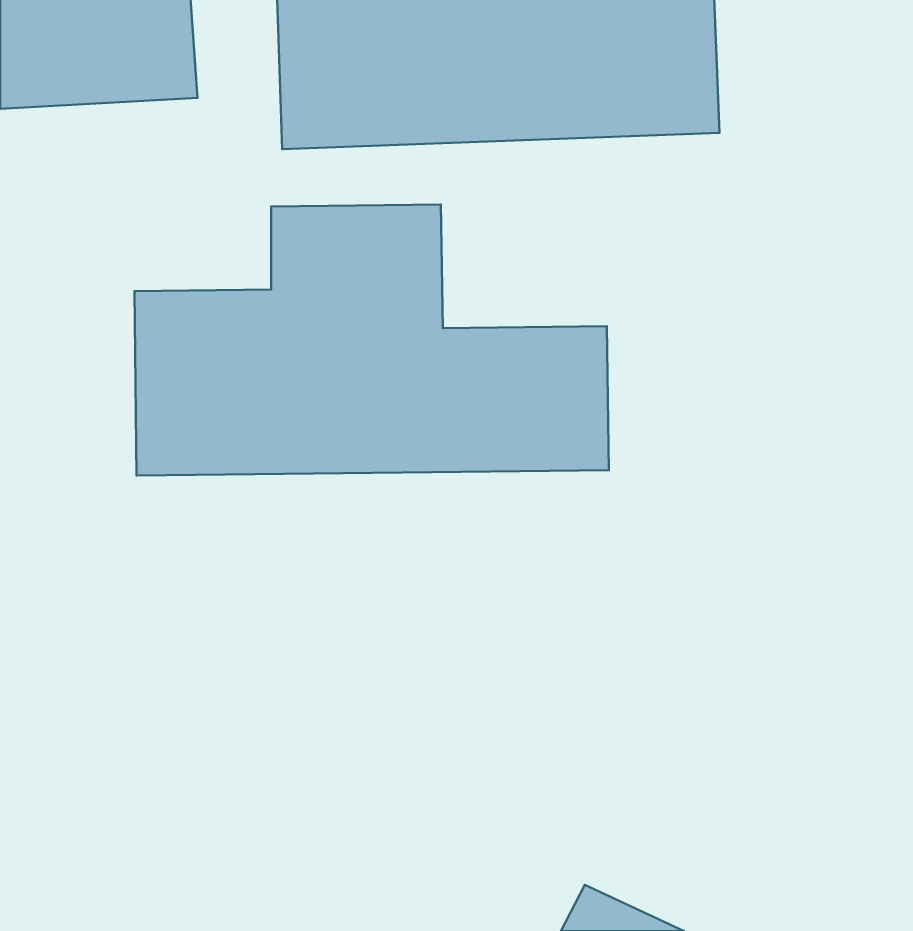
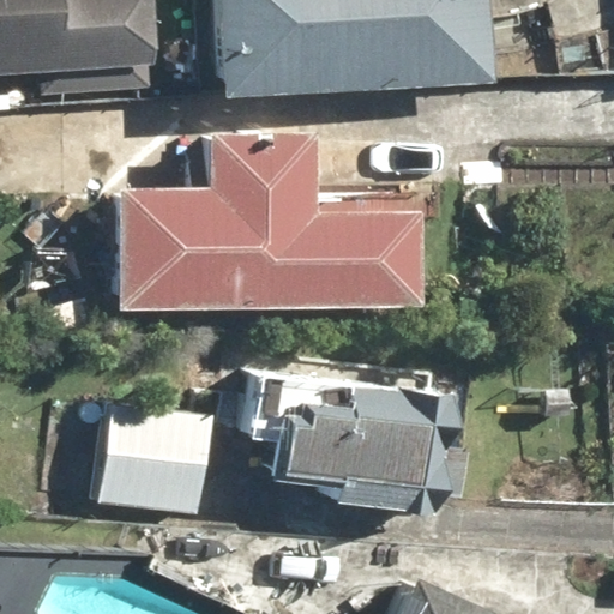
building: none -> [235,378,462,512]
building: none -> [100,405,209,511]

